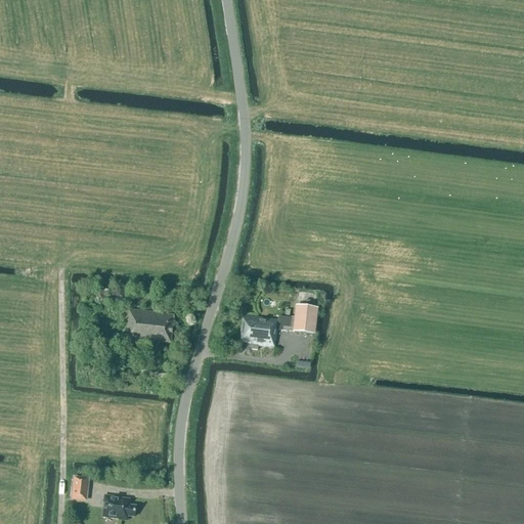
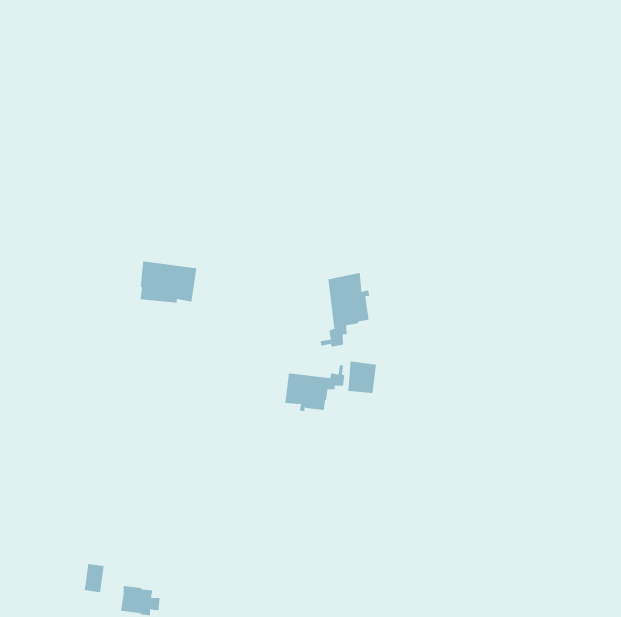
building: none -> [320,272,370,347]
building: [126,307,174,343] -> [140,261,197,303]

